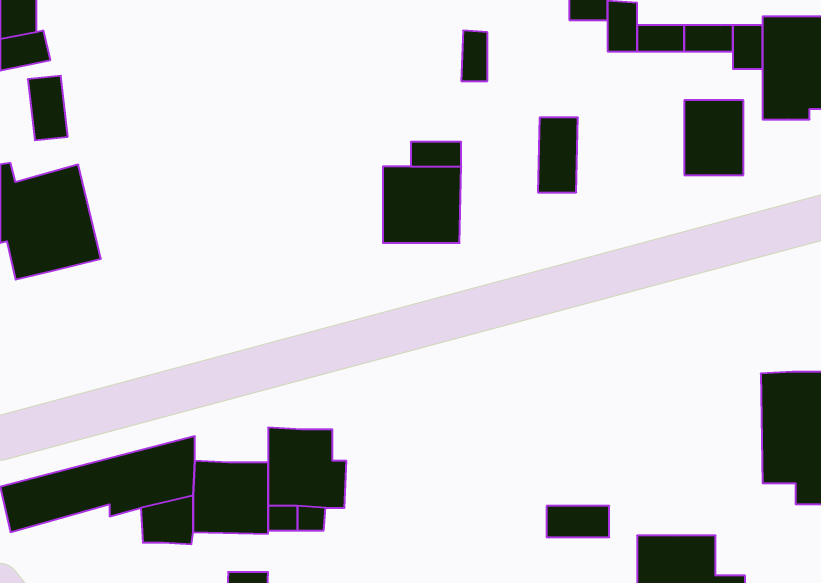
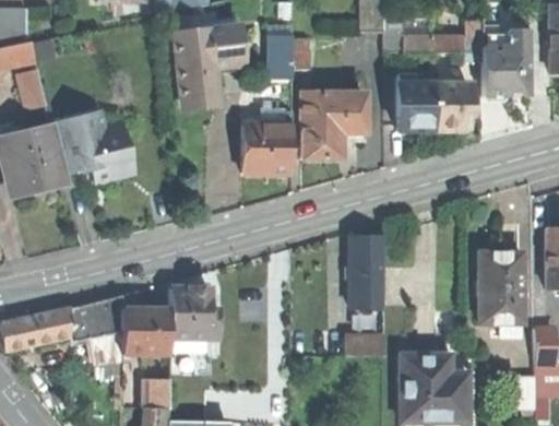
building: none -> [173,25,241,105]
building: none -> [270,33,293,78]
building: none -> [396,71,431,129]
building: none -> [301,93,341,156]
building: none -> [51,111,132,179]
building: none -> [353,222,385,307]

